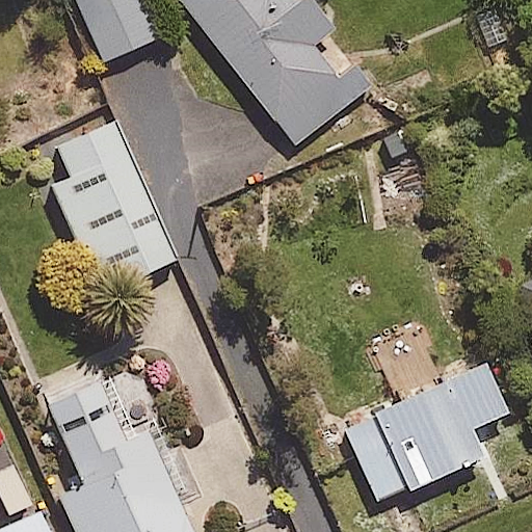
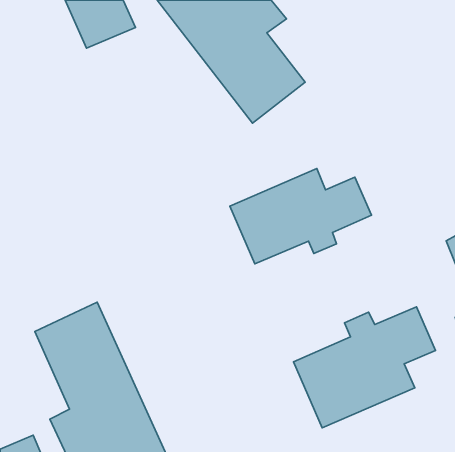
building: [52,118,177,291] -> none
building: none -> [230,169,372,264]

